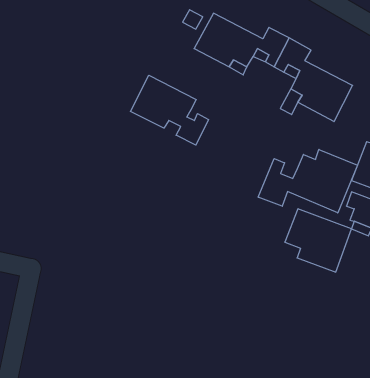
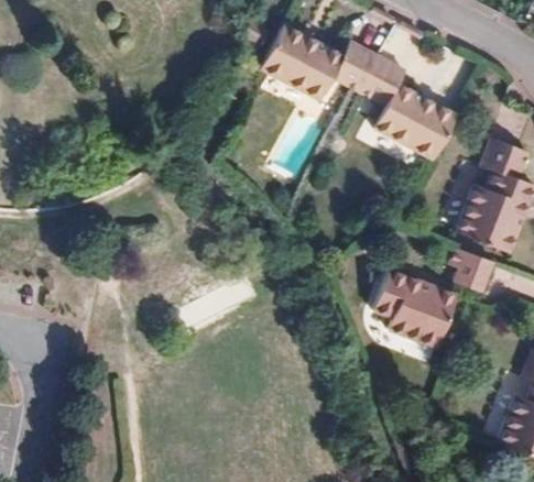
building: [130,75,209,145] -> none
building: [258,149,358,213] -> none

